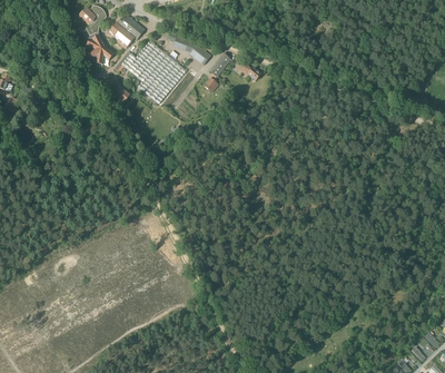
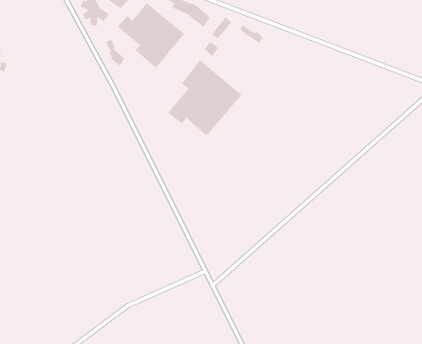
building: none -> [167,59,242,136]

